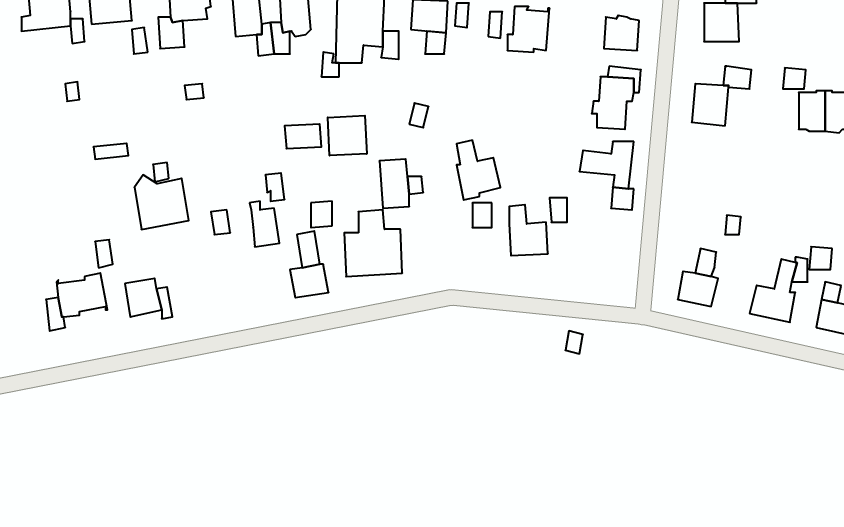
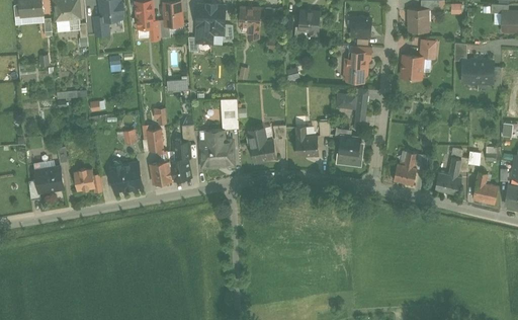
building: [328,116,367,156] -> none
building: [457,140,500,200] -> [250,130,275,164]
building: [134,175,189,229] -> [110,160,142,191]
building: none -> [336,136,361,166]
building: none -> [149,161,172,183]

